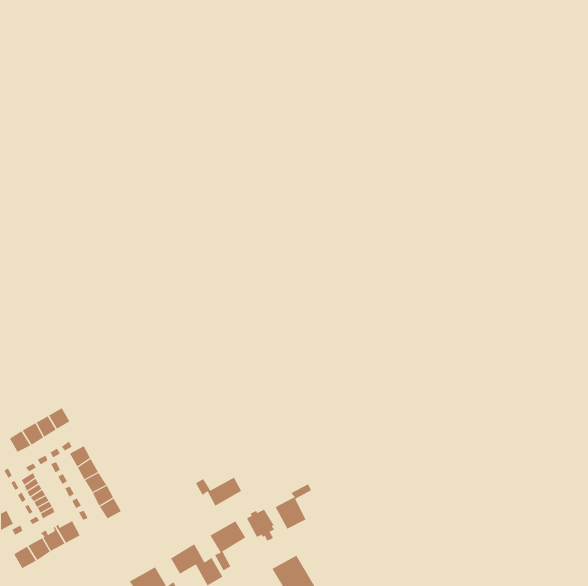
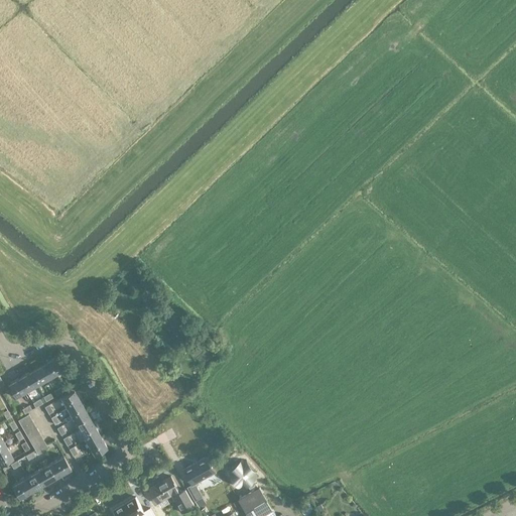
building: [195,477,242,507] -> none
building: [275,484,312,529] -> none

